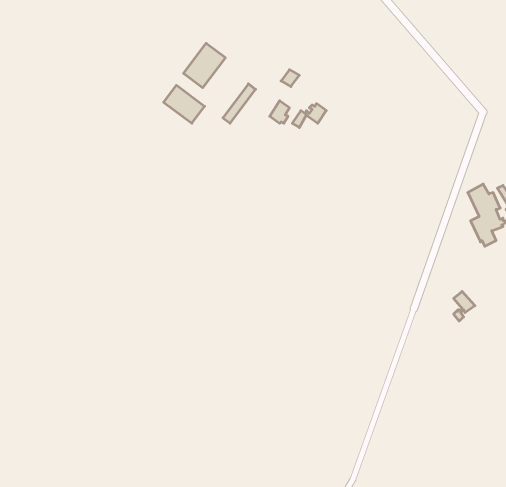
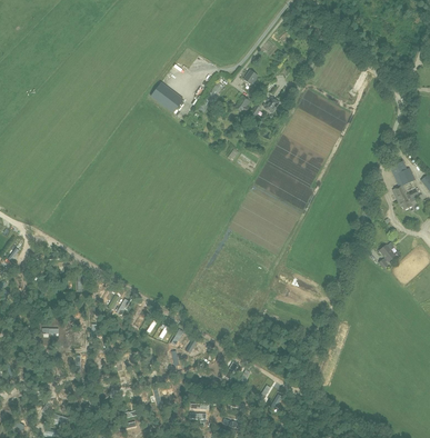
building: [184,43,225,88] -> none

